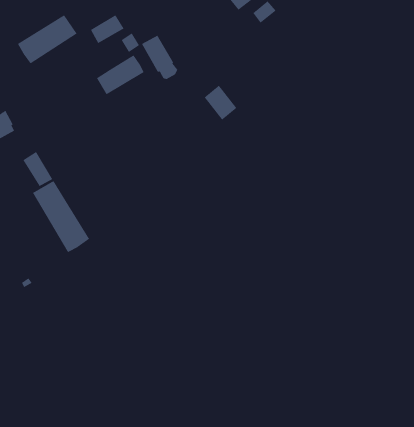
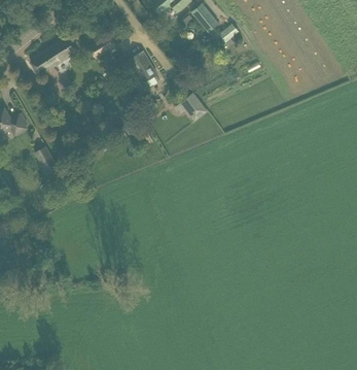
building: [96,55,145,95] -> none
building: [32,180,90,253] -> none

